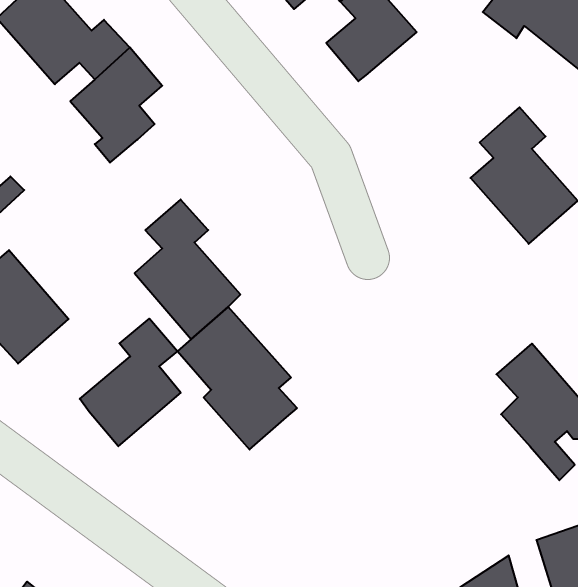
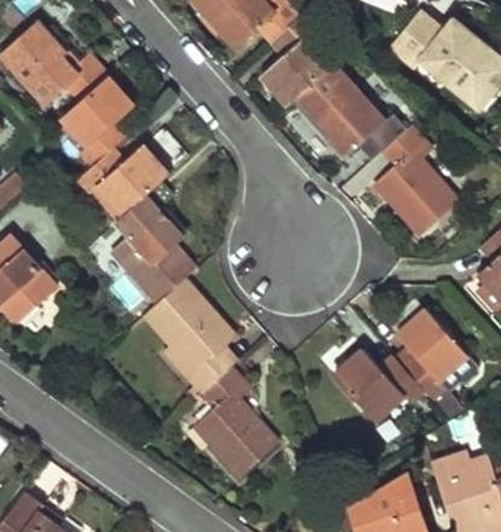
building: none -> [293,64,406,163]
building: none -> [77,145,169,228]
building: [80,319,181,446] -> none
building: none -> [334,346,423,419]
building: none -> [192,367,275,474]

